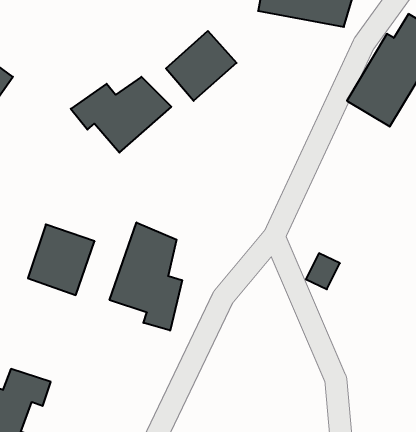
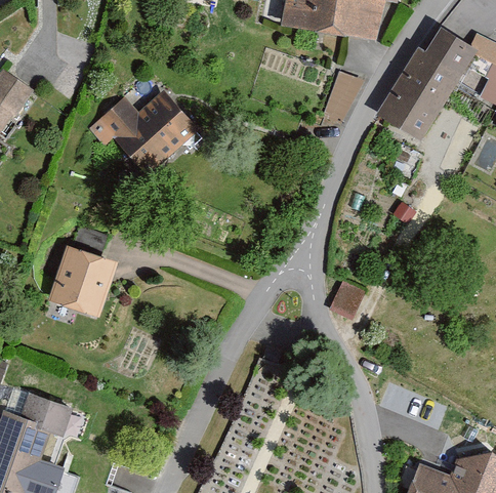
building: [166,31,237,101] -> none
building: none -> [325,66,366,117]
building: [110,222,182,331] -> none

